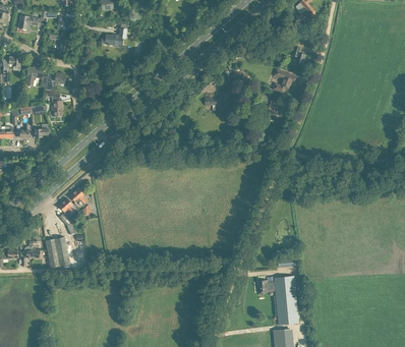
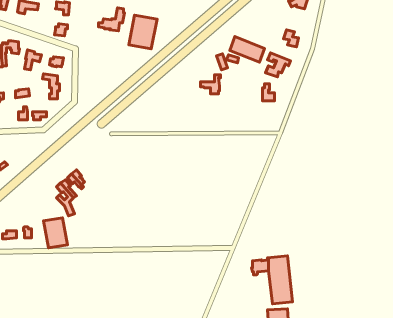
building: none -> [129,15,157,49]
building: none -> [230,37,264,62]

